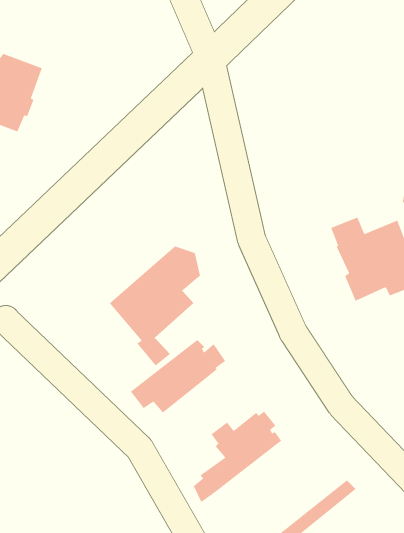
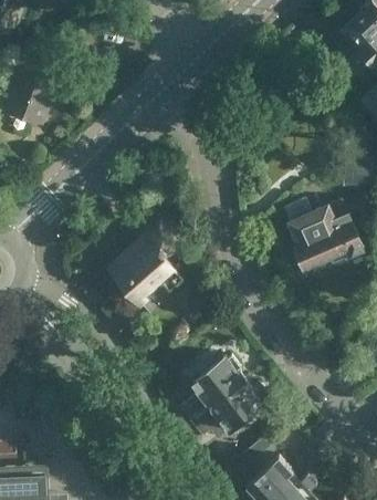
building: [130,339,226,413] -> [191,382,269,441]

